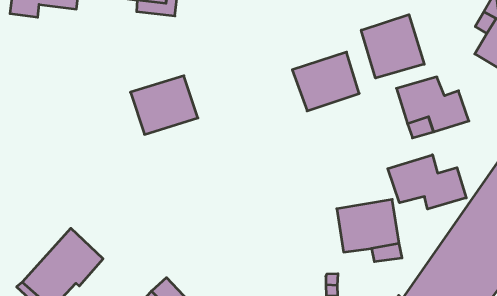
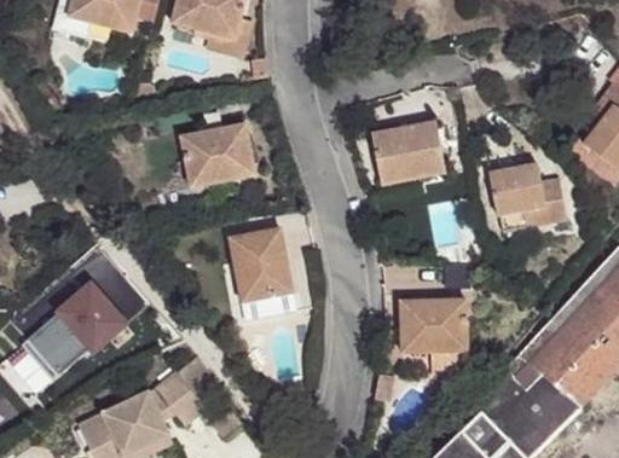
building: [361,15,424,78] -> none
building: [388,155,466,209] -> none
building: none -> [230,227,294,302]

